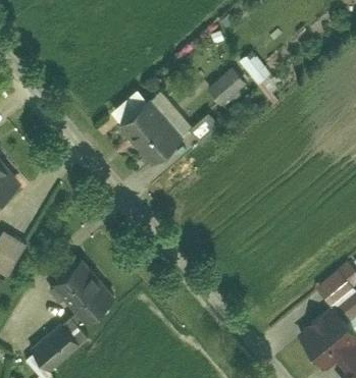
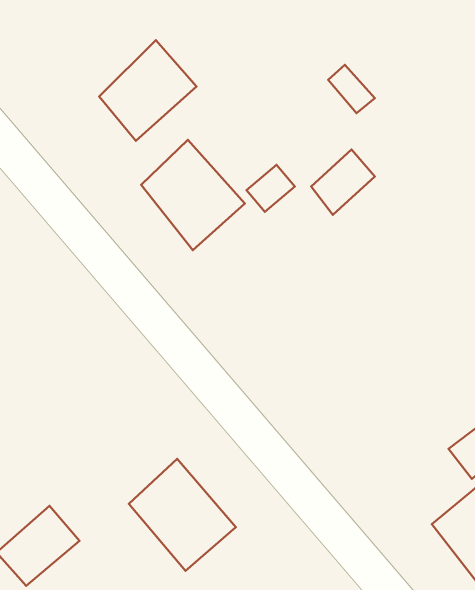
building: none -> [99,40,197,141]
building: [208,68,247,108] -> [311,150,375,215]
building: [52,258,117,326] -> [129,459,236,571]

